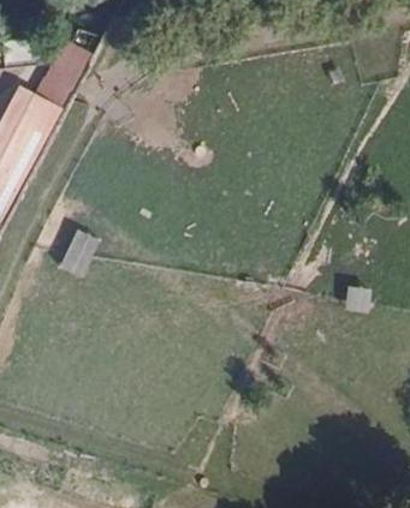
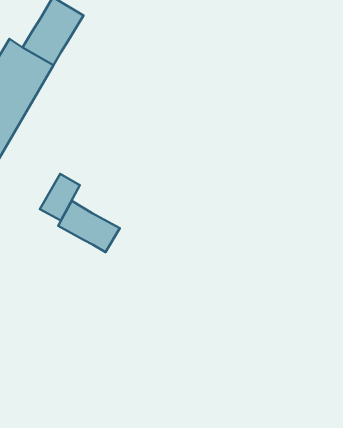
building: none -> [58,201,120,252]

